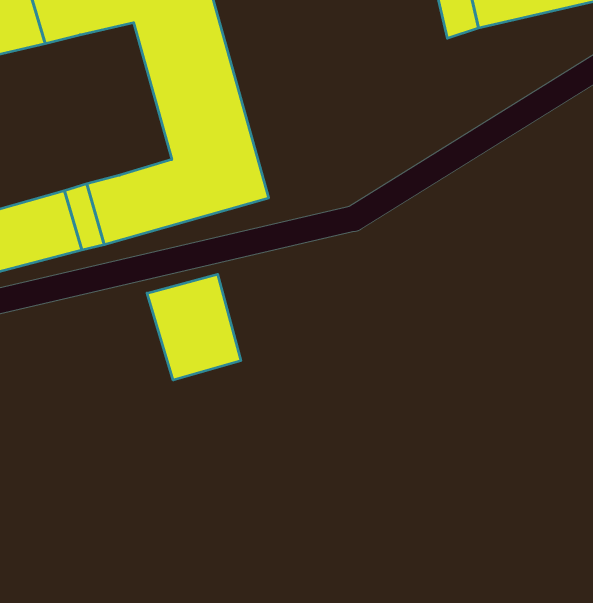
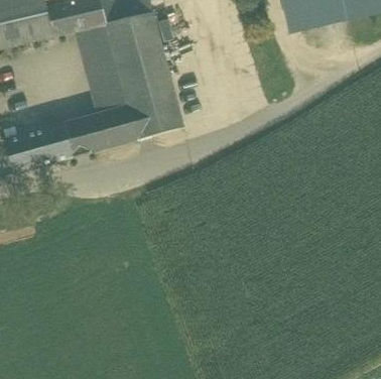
building: none -> [75,23,128,112]
building: [147,274,241,380] -> none

